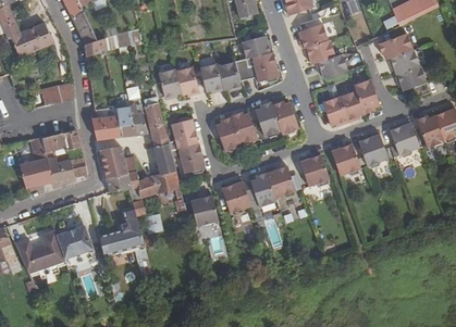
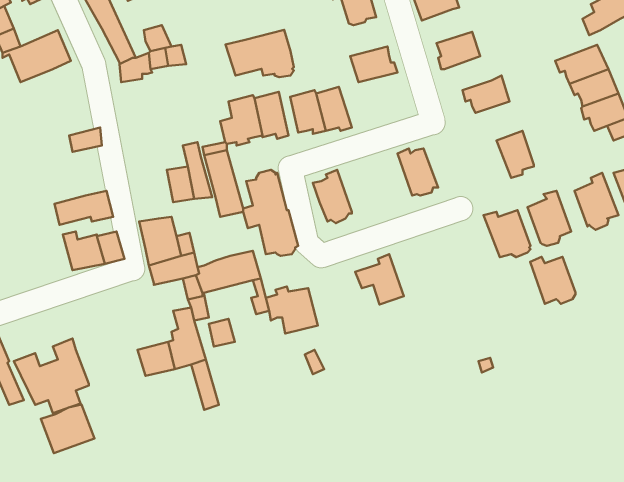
building: [303,39,334,63] -> none
building: [232,50,278,81] -> [226,30,294,77]
building: [353,78,379,112] -> none
building: [321,96,347,124] -> none
building: [255,101,280,135] -> none
building: [230,112,257,143] -> none
building: [90,115,121,140] -> none
building: [20,138,53,189] -> none
building: [152,143,174,173] -> none
building: [298,153,329,185] -> [530,257,576,304]
building: [264,164,295,197] -> none
building: [221,176,250,213] -> none
building: [56,226,91,259] -> [41,404,95,453]

